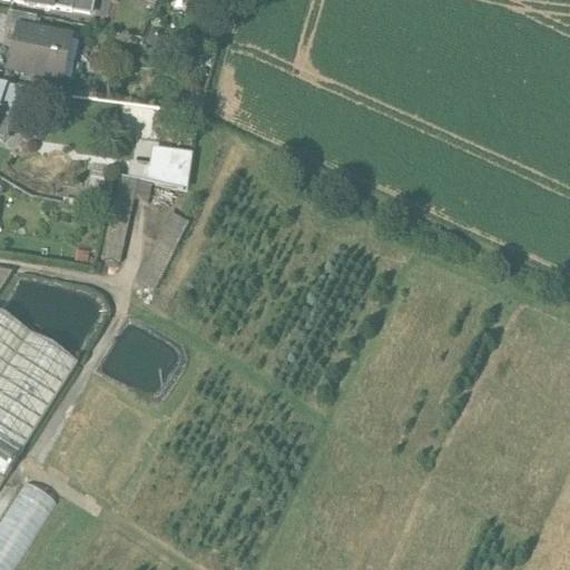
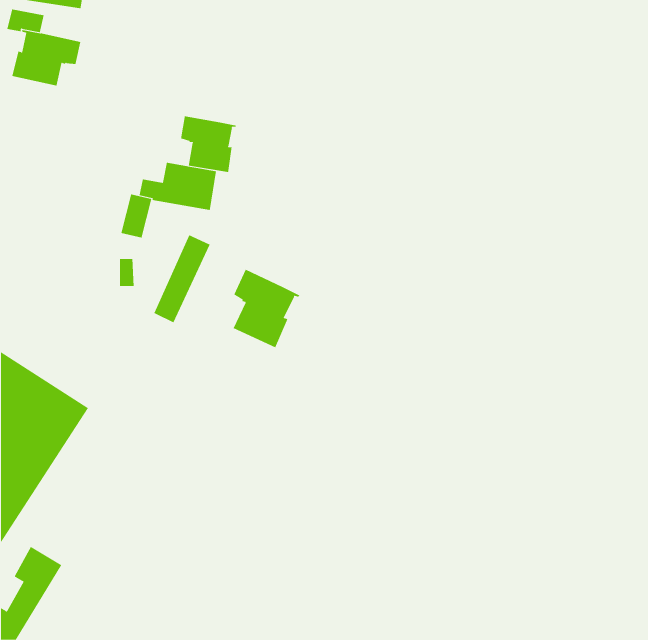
building: none -> [181,116,237,173]
building: none -> [233,269,300,348]

